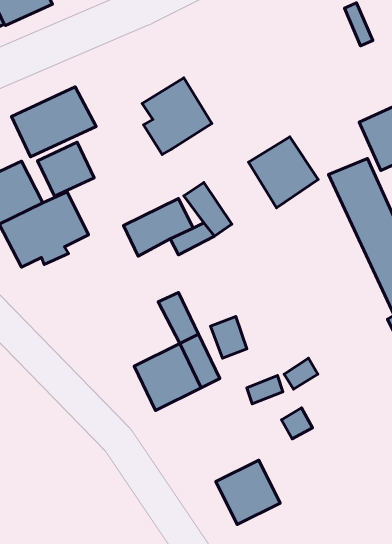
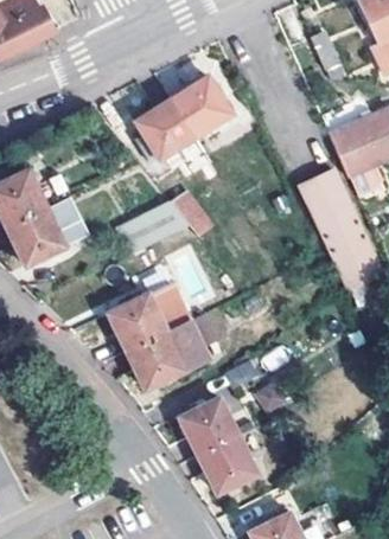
building: [11,87,96,157] -> none
building: [248,137,318,208] -> [171,75,232,137]
building: [37,142,94,196] -> none
building: none -> [108,295,167,352]
building: none -> [180,397,237,454]

